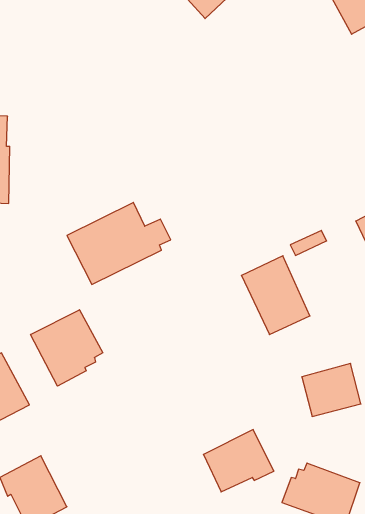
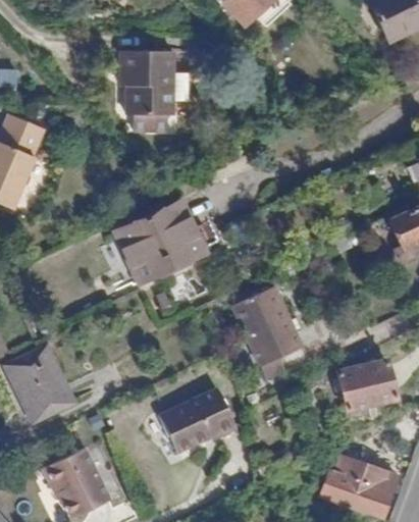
building: none -> [118,50,171,134]
building: [241,256,310,335] -> [232,283,300,361]
building: [31,310,103,386] -> none
building: [203,430,274,492] -> [161,389,230,451]

